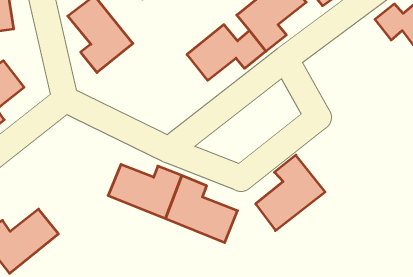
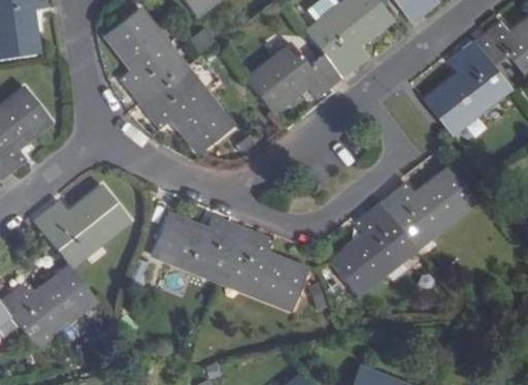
building: none -> [424,39,510,131]
building: none -> [140,68,231,154]
building: none -> [380,168,475,247]
building: none -> [34,187,128,265]

